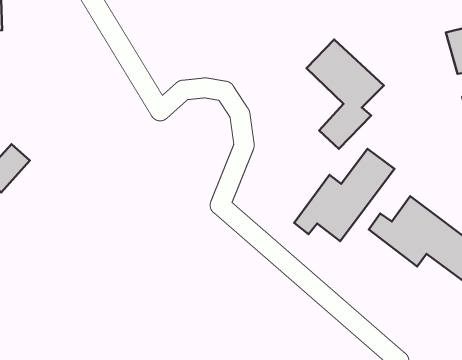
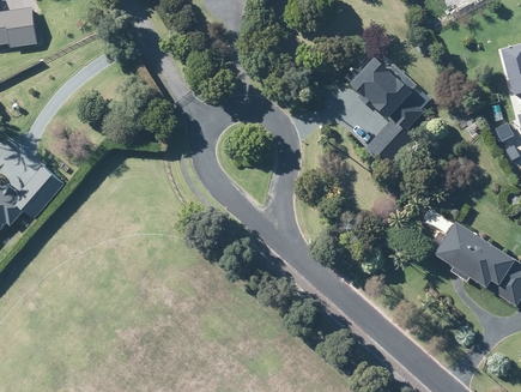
building: [294,149,394,241] -> none

